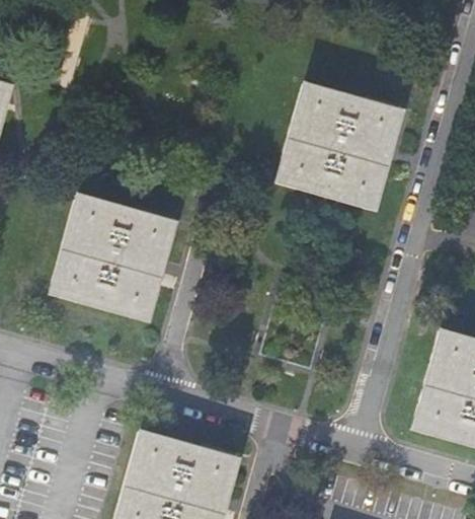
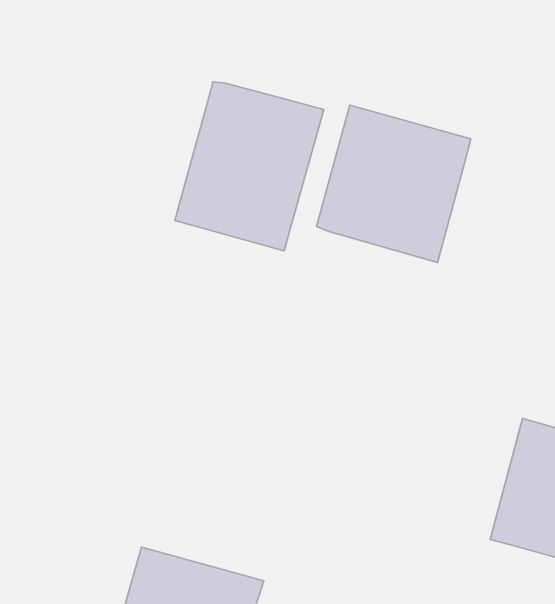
building: none -> [175,82,324,251]
building: [52,196,175,318] -> none

